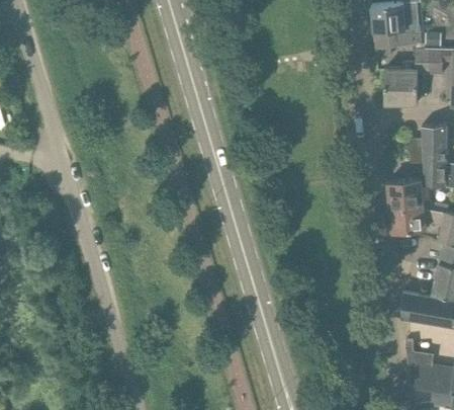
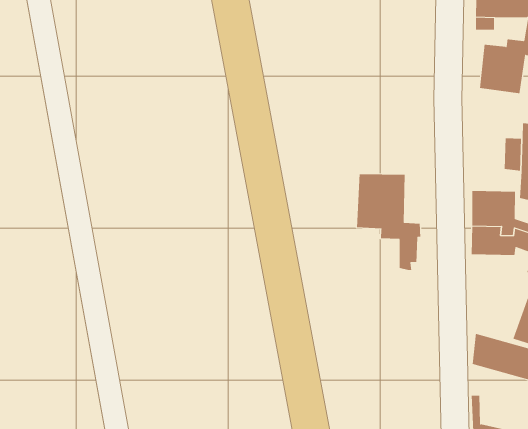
building: none -> [356,173,421,271]

